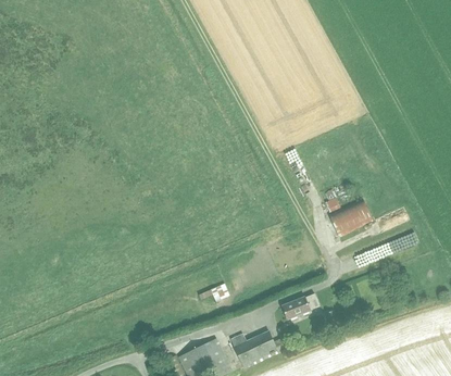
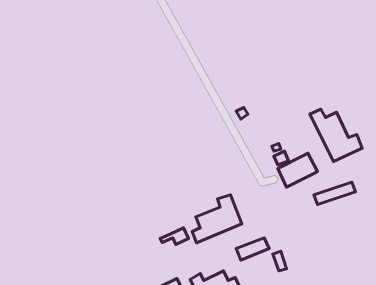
building: none -> [310,109,362,162]
building: none -> [192,195,242,243]

